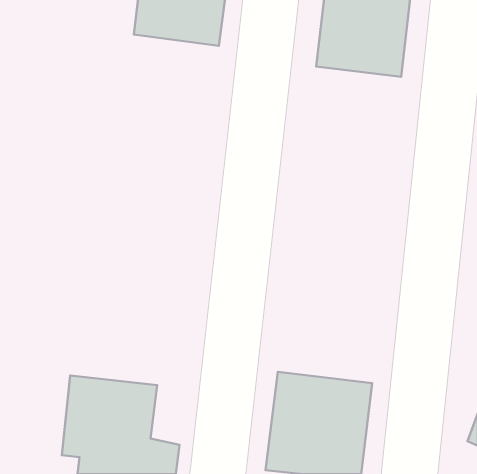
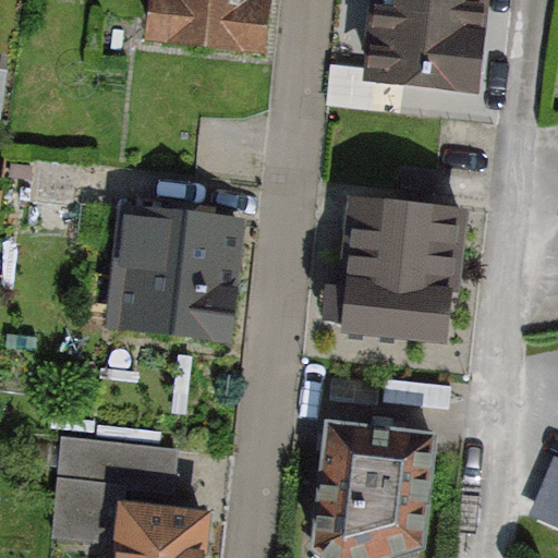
building: none -> [330,205,457,339]
building: none -> [125,211,230,339]

